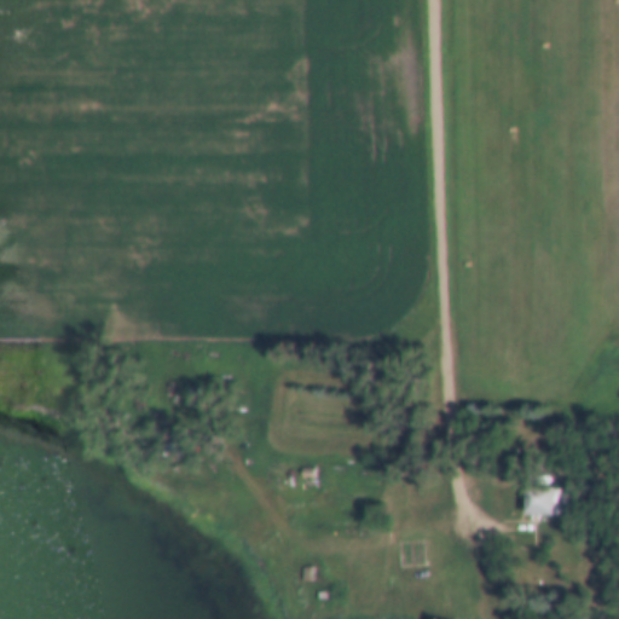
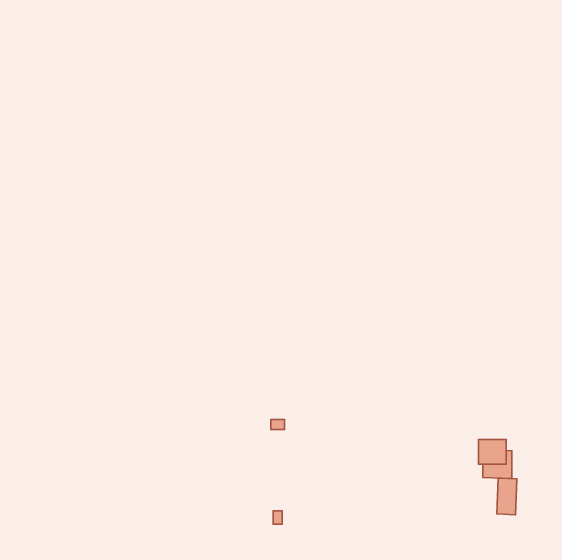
building: none -> [497,478,517,515]

